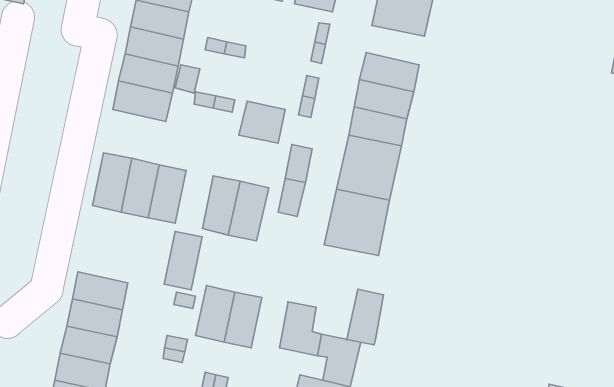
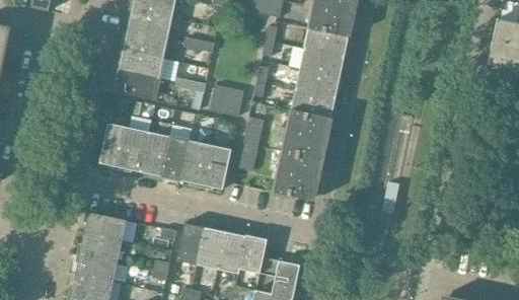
building: none -> [304,27,348,57]
building: [164,232,202,290] -> [161,136,190,179]
building: [347,289,384,345] -> [218,231,245,273]

